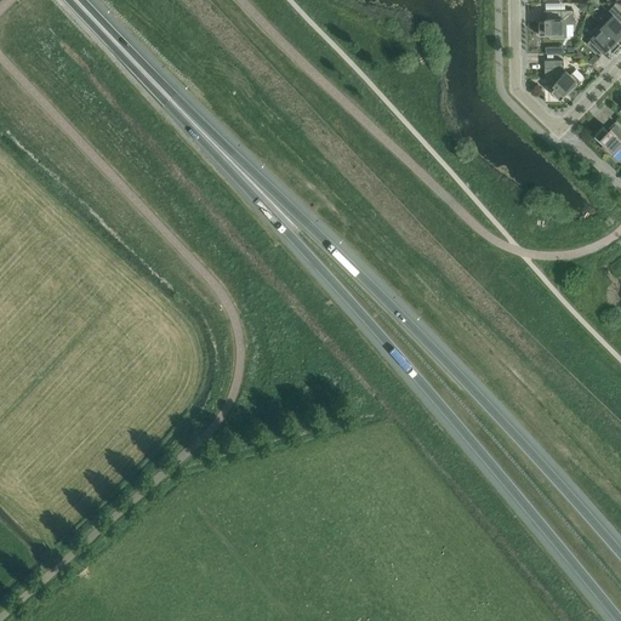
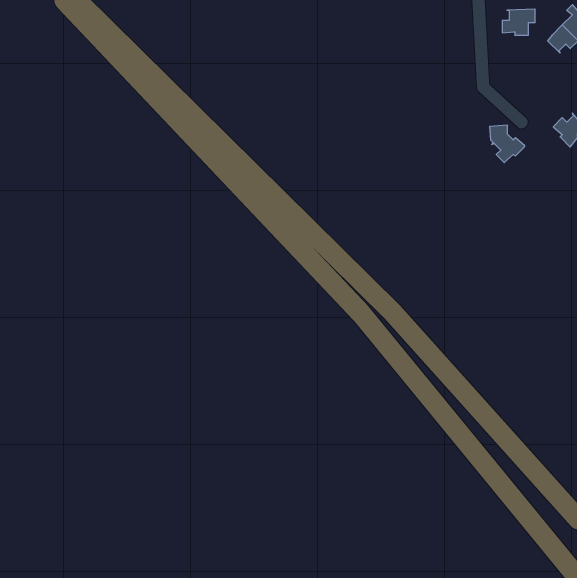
building: [545,59,582,99] -> [490,125,525,163]

